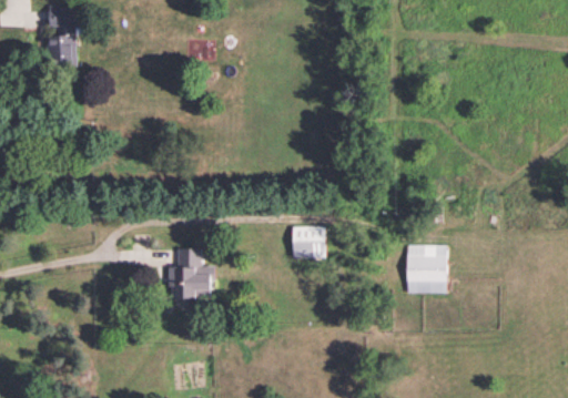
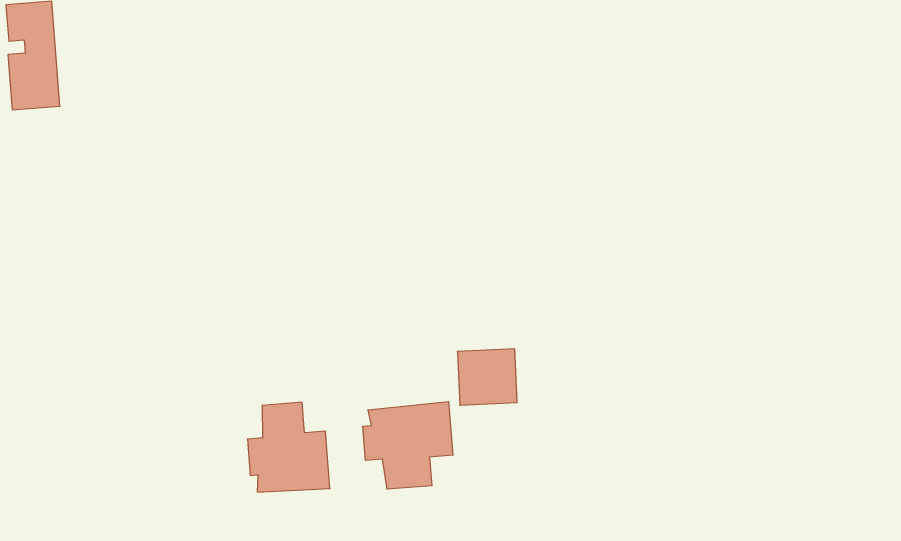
building: [406,245,447,294] -> none
building: none -> [363,402,453,489]

